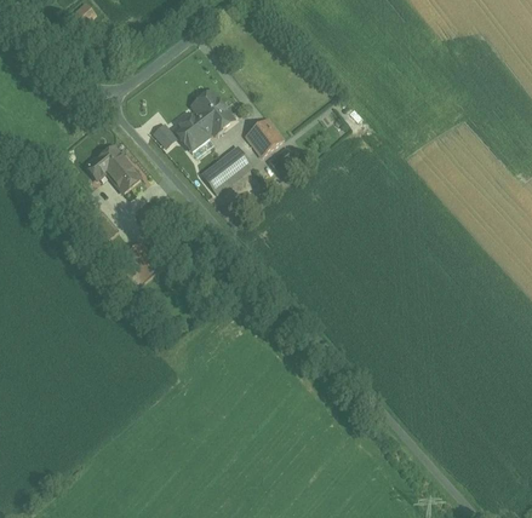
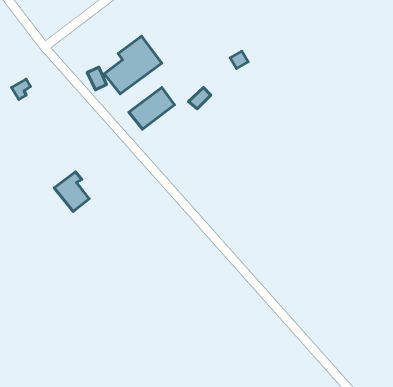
building: [242,116,284,157] -> none
building: [97,143,145,194] -> none

